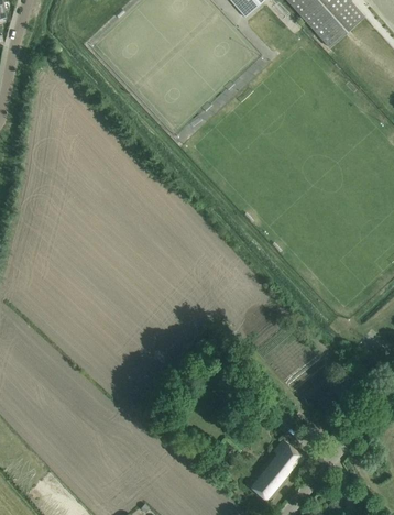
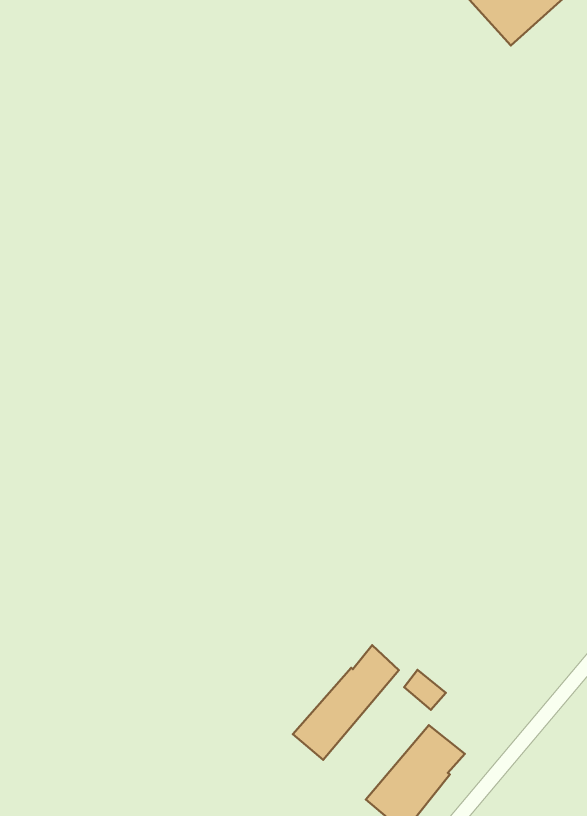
building: none -> [293,645,399,760]

